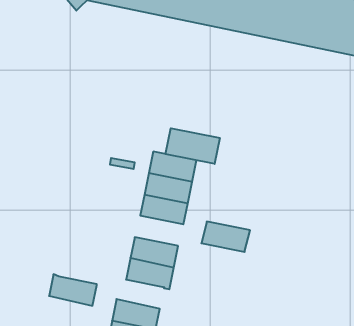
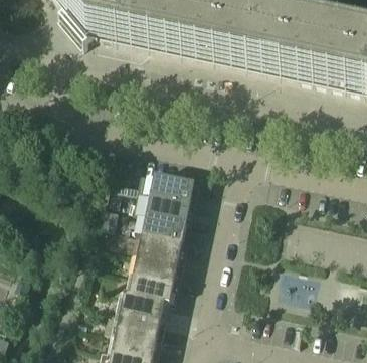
building: [166,128,220,164] -> none
building: [201,222,250,252] -> [140,229,185,257]
building: [49,274,97,306] -> [123,287,167,316]

